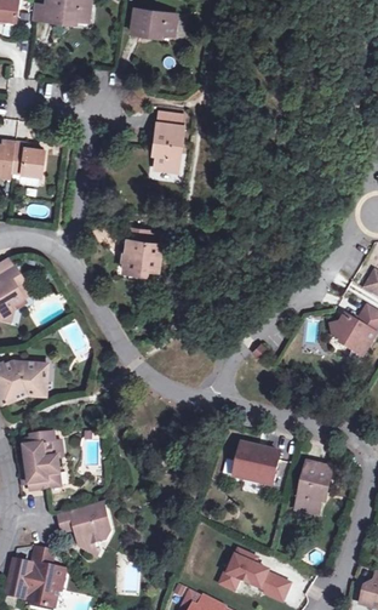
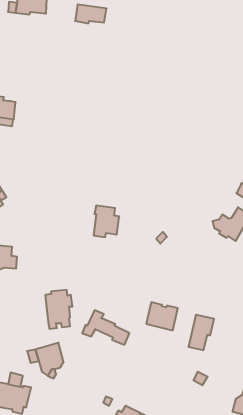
building: [153,110,183,171] -> none
building: [122,228,160,274] -> [94,206,119,237]
building: [25,433,65,490] -> [45,290,73,329]
building: [220,549,290,600] -> [82,310,129,345]

